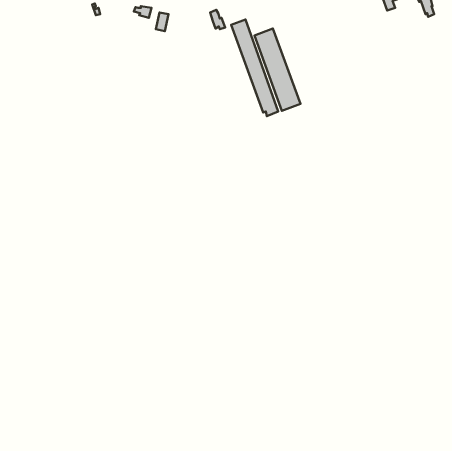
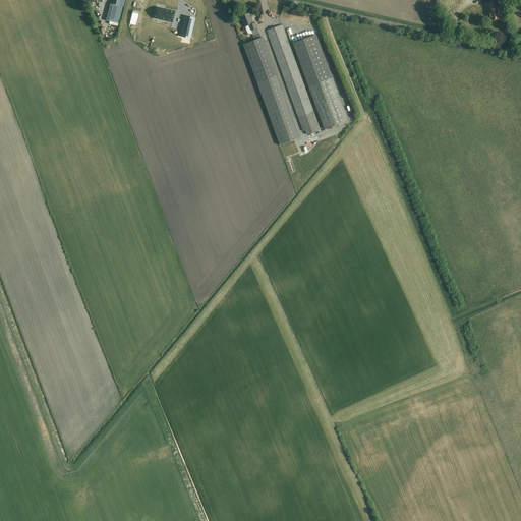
building: none -> [242,35,298,142]

